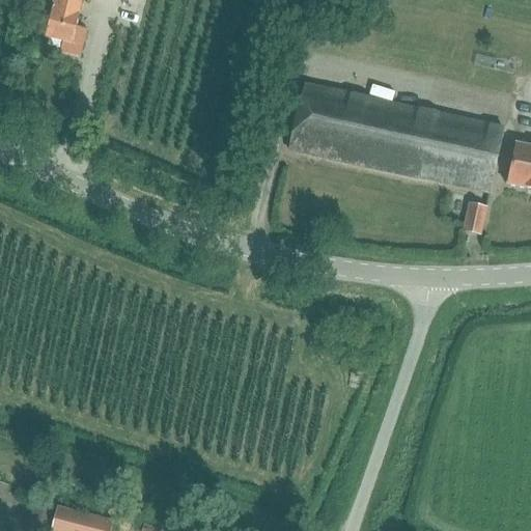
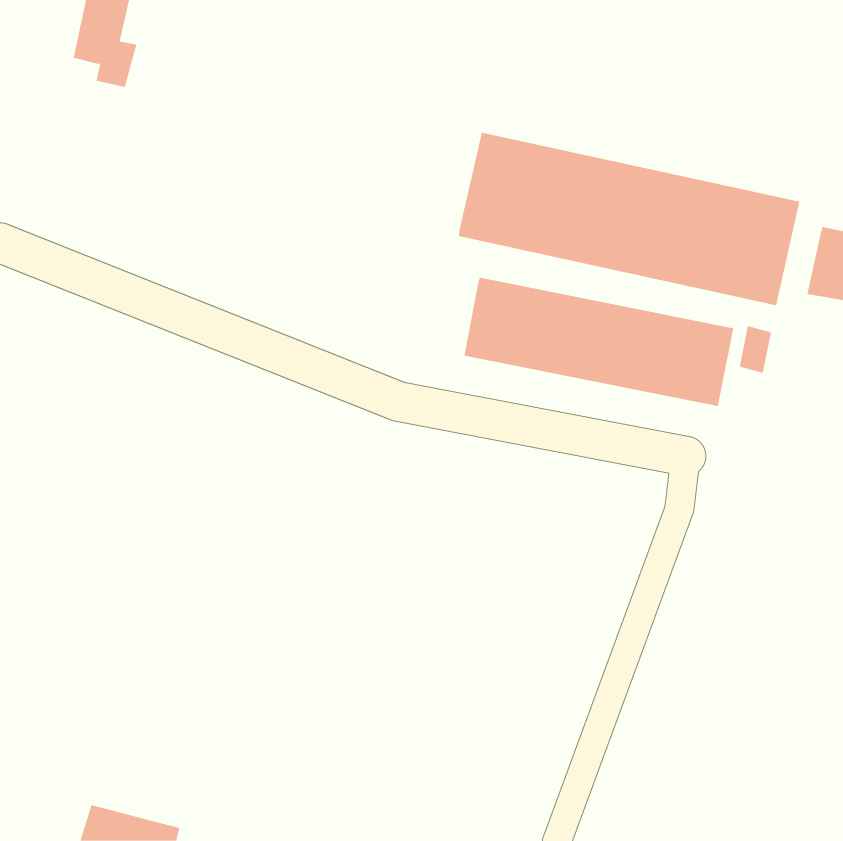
building: none -> [464,277,734,407]

